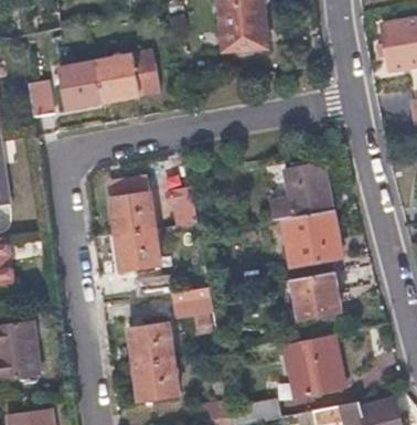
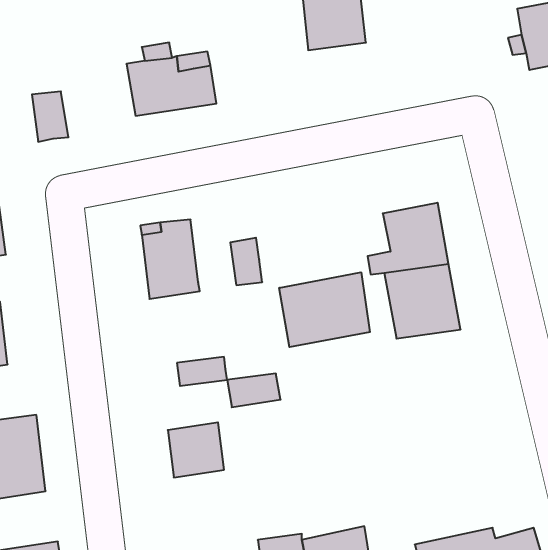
building: [58,64,105,107] -> none
building: none -> [279,272,370,347]
building: [115,229,157,274] -> none
building: [295,270,341,316] -> none
building: [279,332,343,395] -> none
building: [132,358,174,404] -> none

